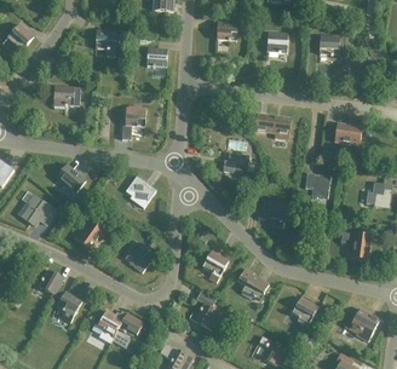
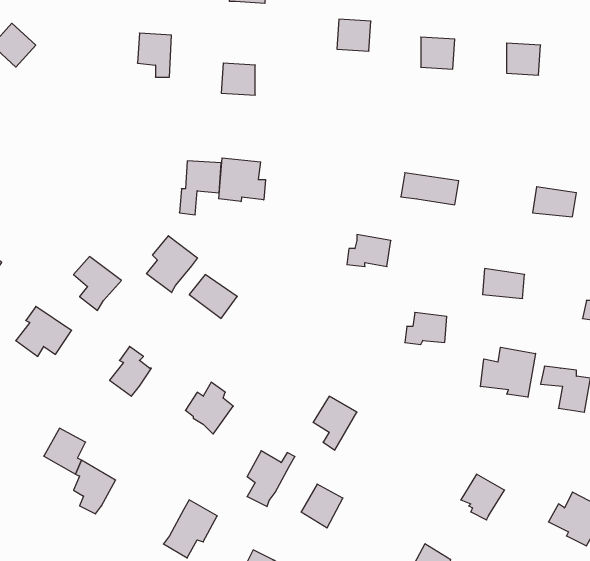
building: [52,85,79,108] -> none
building: none -> [219,158,266,202]
building: none -> [147,236,197,293]
building: none -> [480,347,536,397]
building: [237,267,267,299] -> none
building: [97,309,126,342] -> [247,451,295,507]

